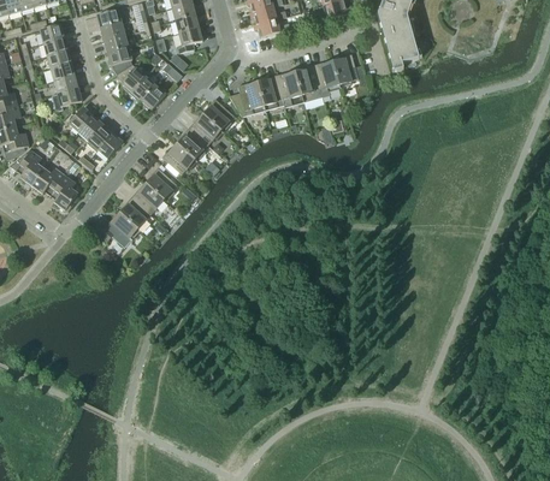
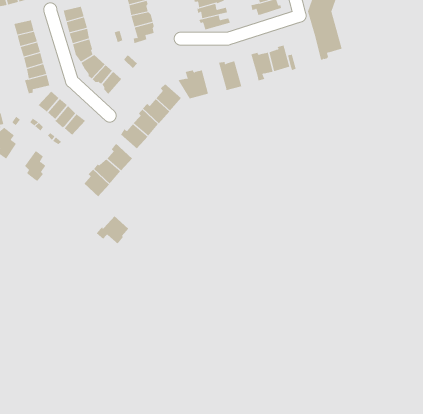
building: [295,64,323,101] -> none
building: [258,73,284,109] -> none
building: [31,167,65,194] -> none
building: [99,213,137,247] -> [96,215,129,245]

